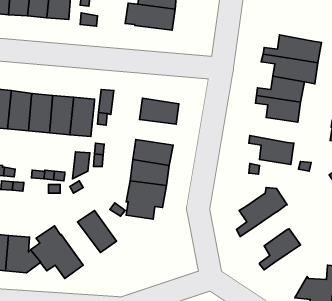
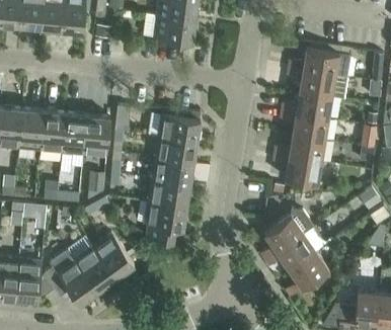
building: none -> [276,135,326,162]
building: none -> [155,137,198,164]
building: none -> [265,226,326,270]
building: none -> [76,245,118,291]

